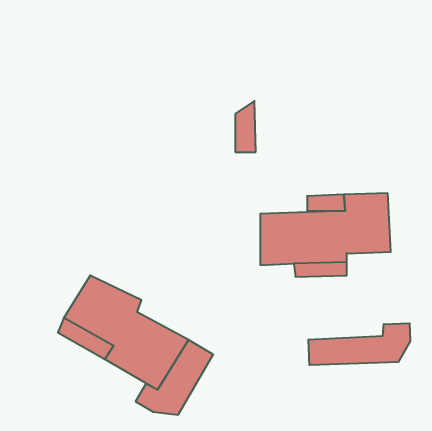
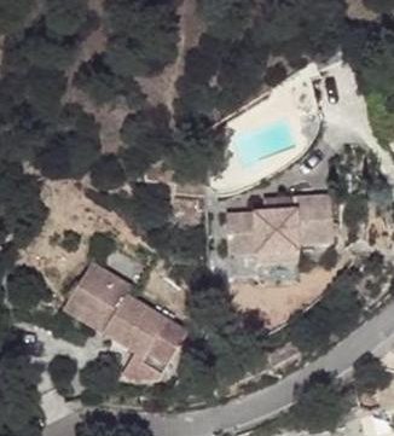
building: [308,323,410,365] -> none

